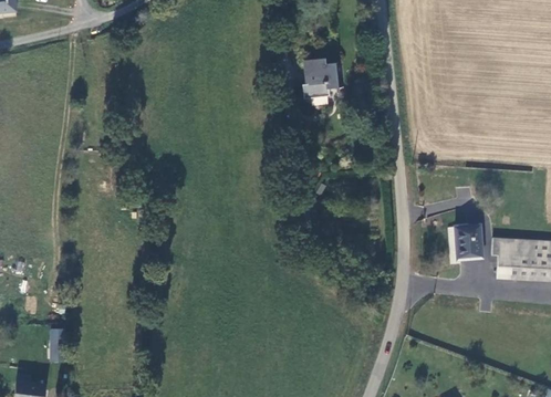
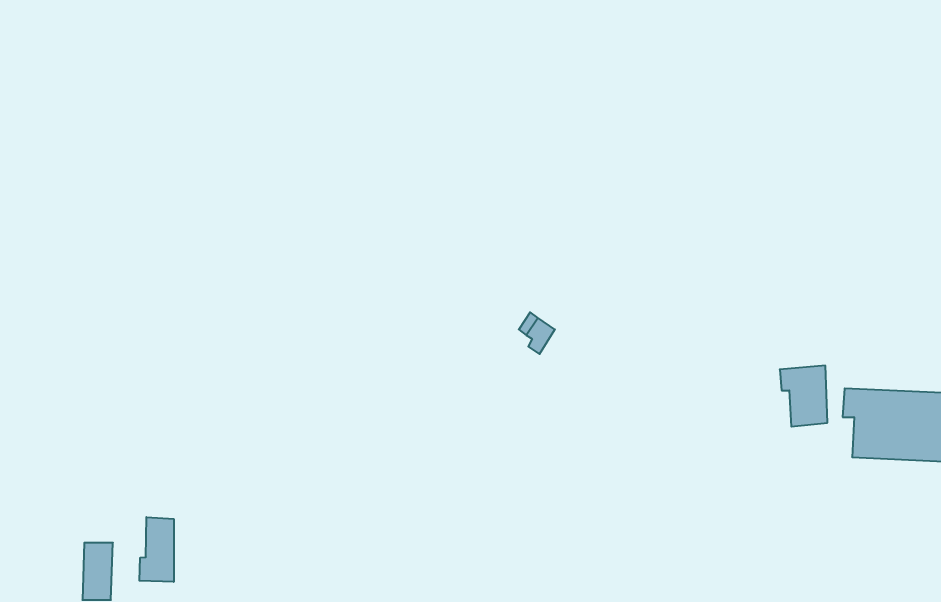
building: [303,59,344,98] -> none
building: none -> [139,517,174,582]

